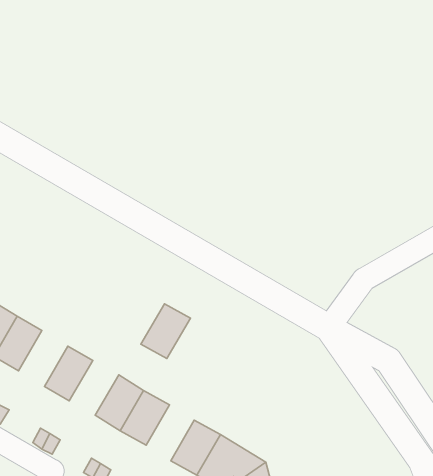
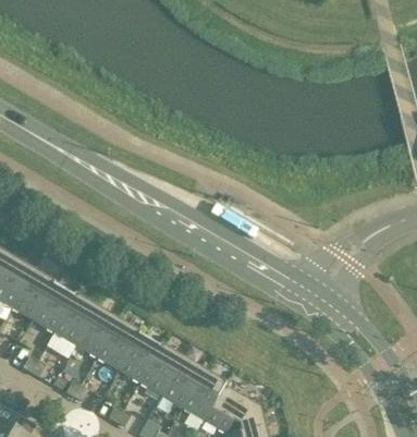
building: [141,304,190,358] -> [88,318,130,364]
building: none -> [46,293,87,340]
building: none -> [152,355,193,402]

